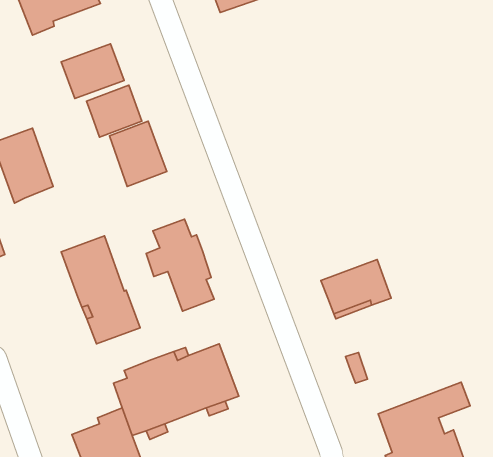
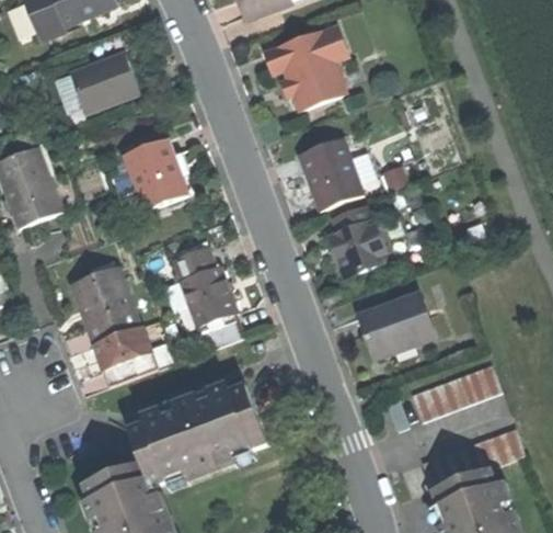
building: none -> [266,31,346,110]
building: [87,85,142,137] -> none
building: none -> [299,137,364,209]
building: none -> [330,204,403,277]
building: none -> [412,363,500,419]

